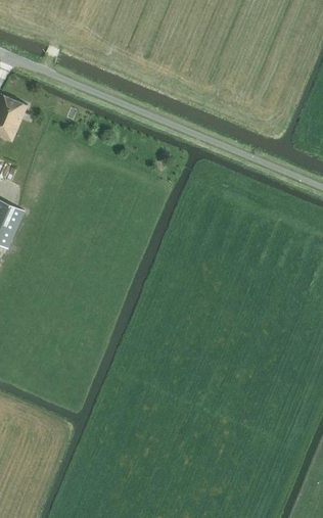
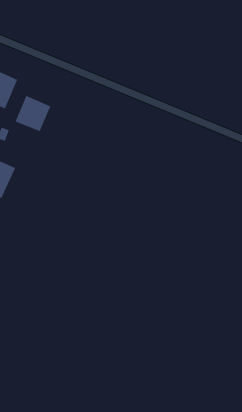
building: none -> [15,95,51,132]

